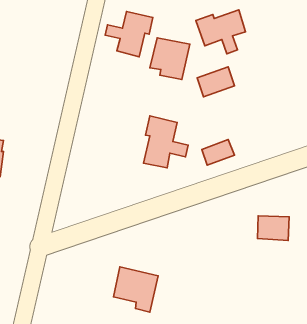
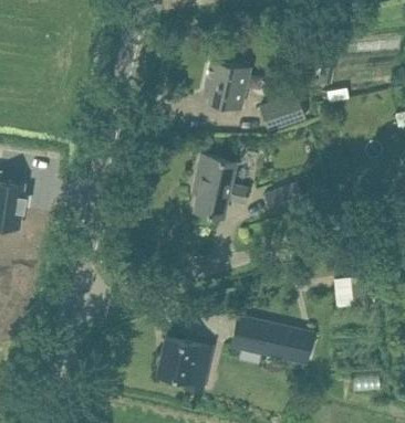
building: [196,10,246,54] -> none
building: [105,11,153,57] -> none
building: none -> [231,317,312,364]

